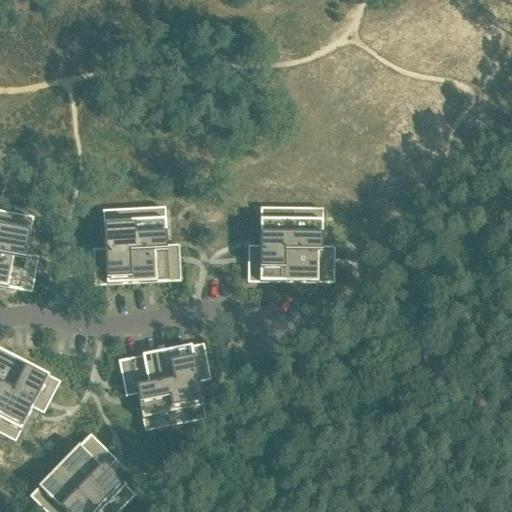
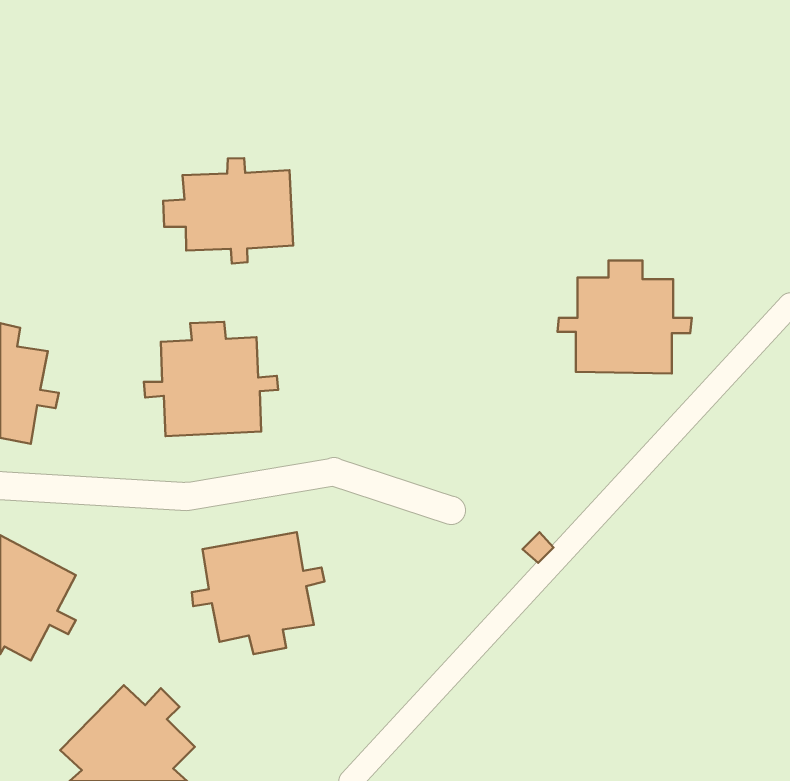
building: none -> [163,158,293,264]
building: [248,207,335,280] -> [557,261,692,373]

